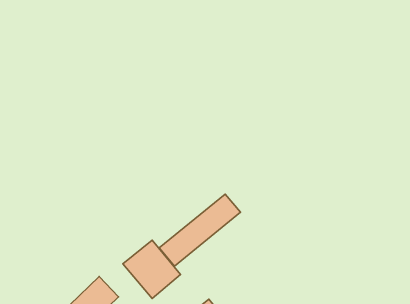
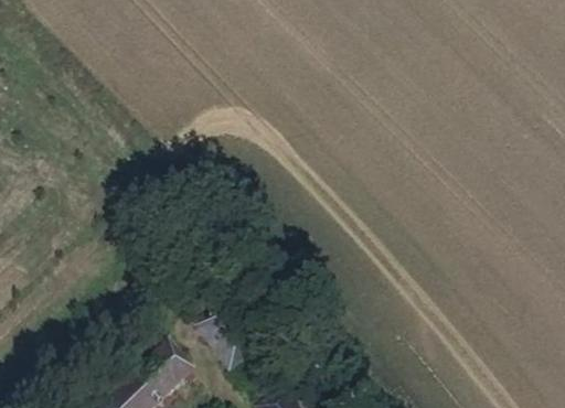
building: [159,194,240,266] -> none

